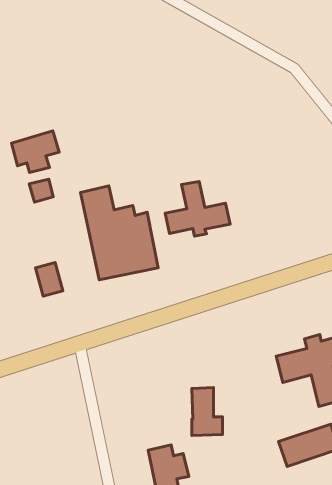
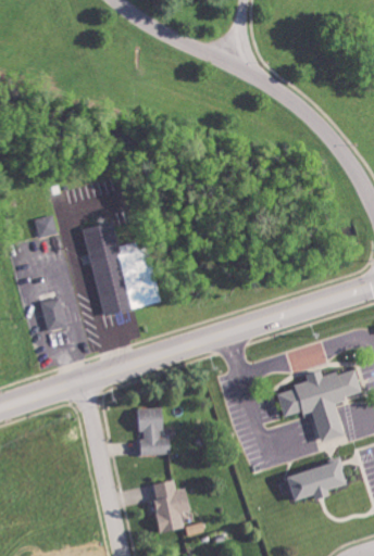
building: [11,131,59,173] -> none
building: [165,181,230,236] -> none
building: [192,387,222,436] -> [140,408,171,456]

